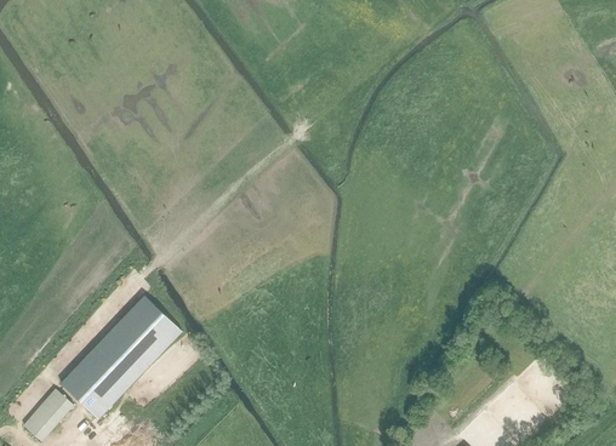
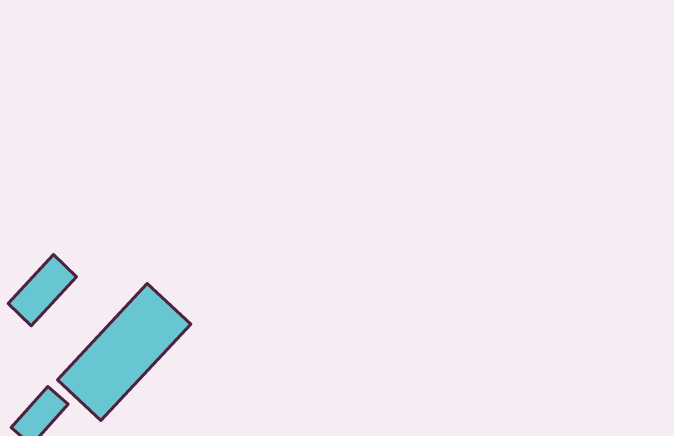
building: none -> [8,255,77,326]

